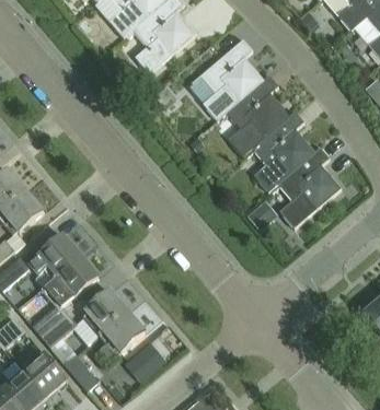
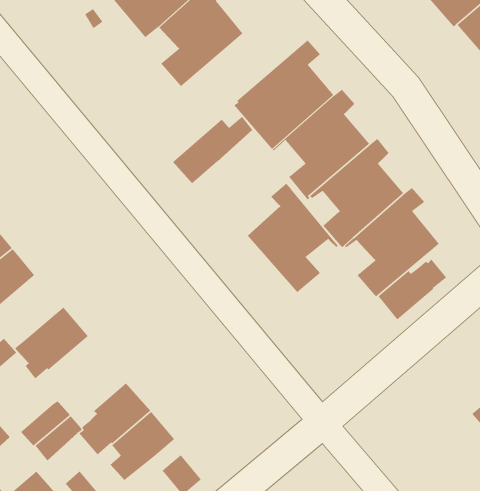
building: none -> [172,116,253,184]
building: none -> [247,183,341,293]
building: none -> [378,259,447,321]
building: [47,255,97,304] -> none

